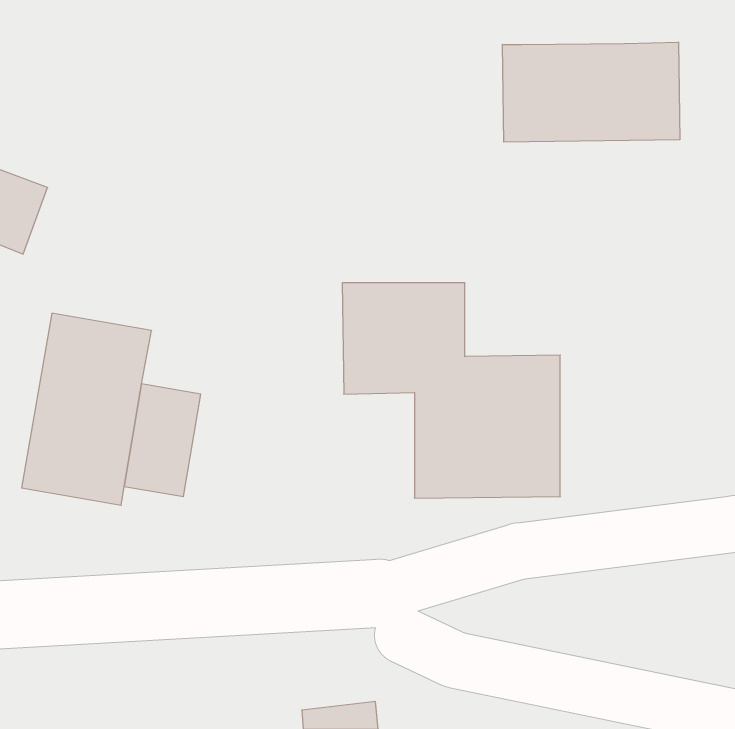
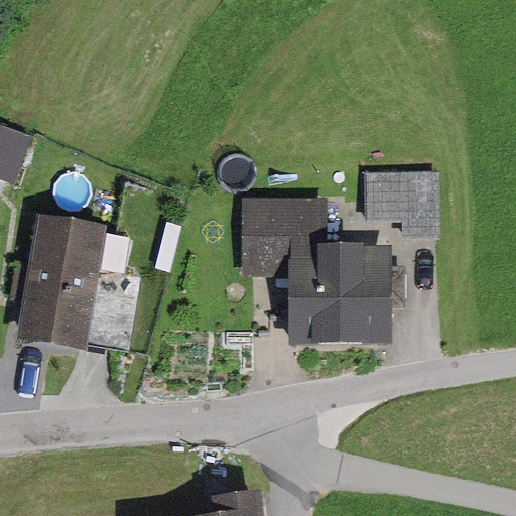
building: [502,42,680,142] -> none
building: none -> [364,168,440,228]

